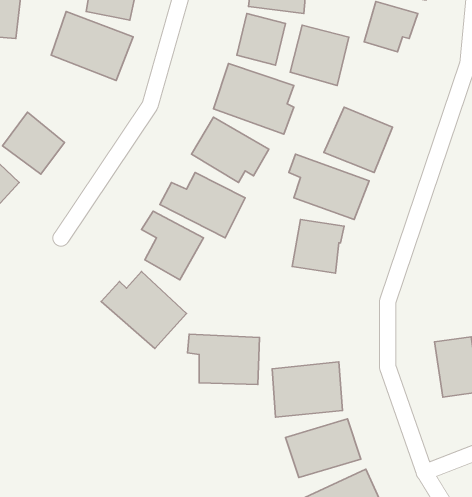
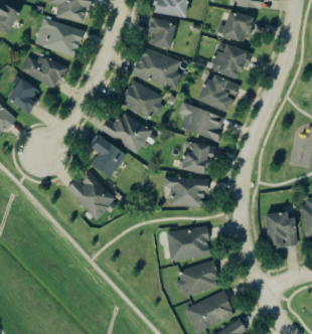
building: [290,25,349,86] -> [210,42,246,78]
building: none -> [19,54,66,88]
building: [187,334,259,385] -> [162,176,205,206]

